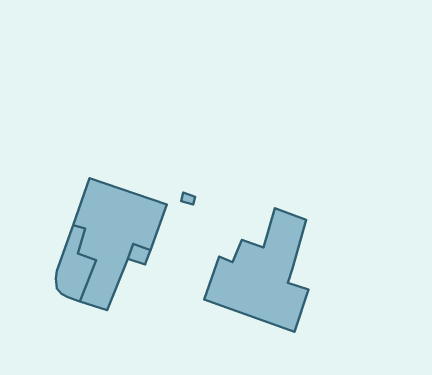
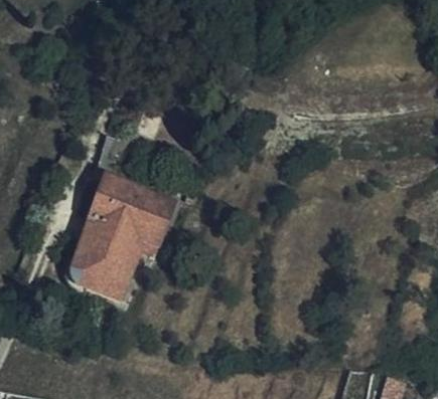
building: [204,208,309,332] -> none

